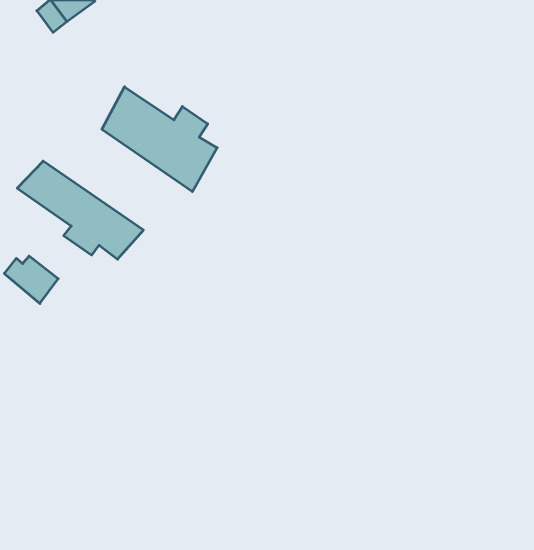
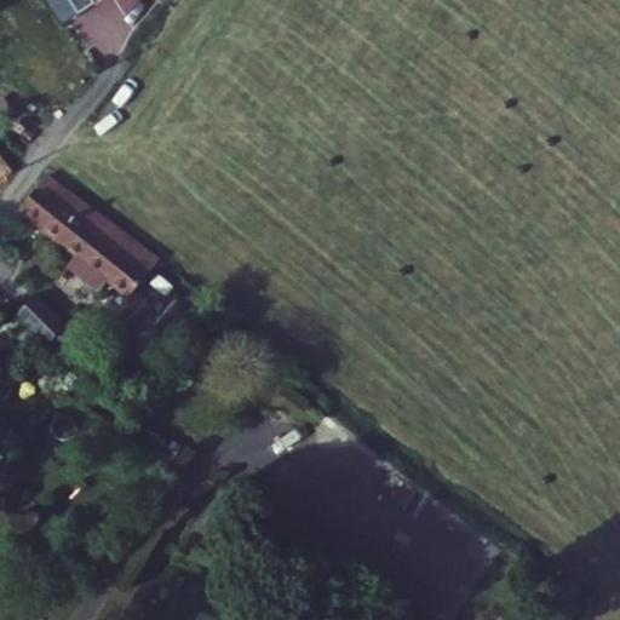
building: [102,87,217,192] -> none

